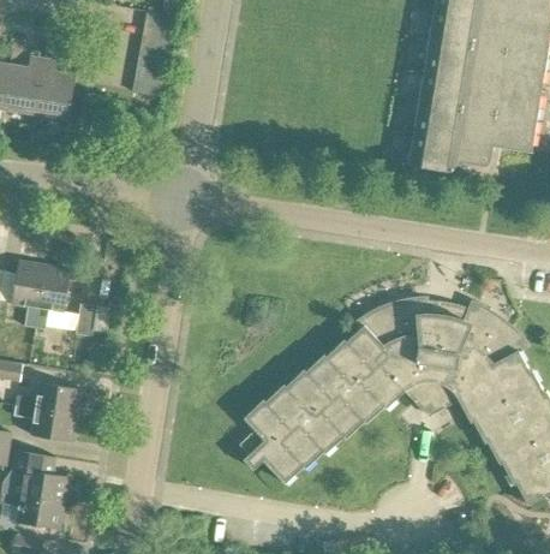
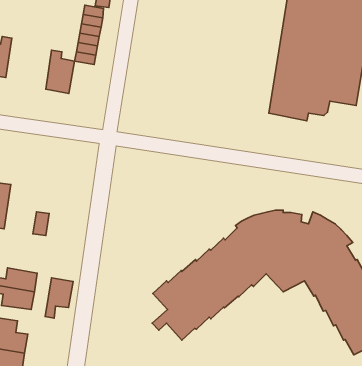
building: [36,56,77,118] -> [46,50,75,94]
building: [34,263,70,328] -> none
building: none -> [45,278,73,318]

